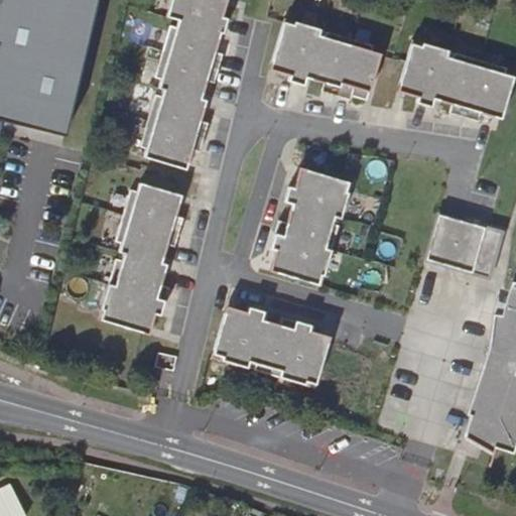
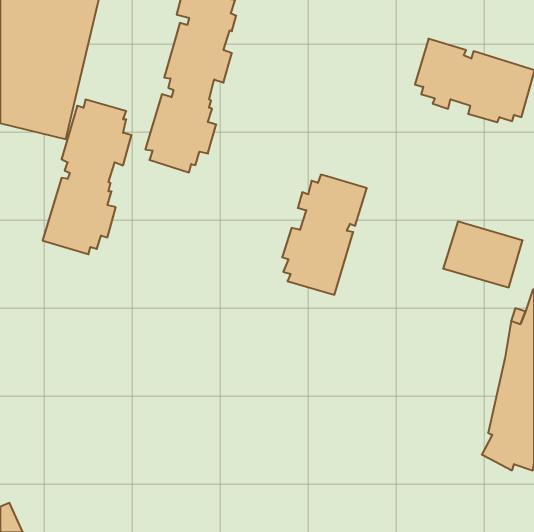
building: [272,16,381,98] -> none
building: [98,180,183,330] -> [43,100,131,254]
building: [213,305,330,387] -> none

